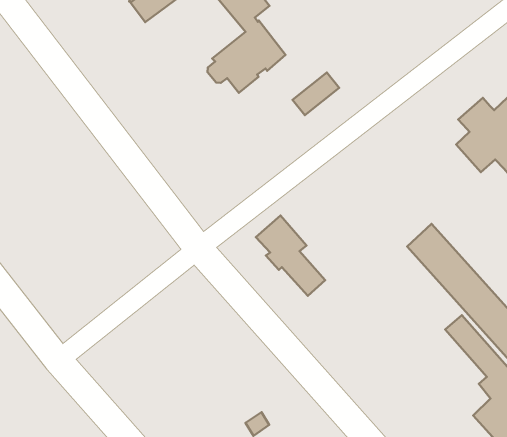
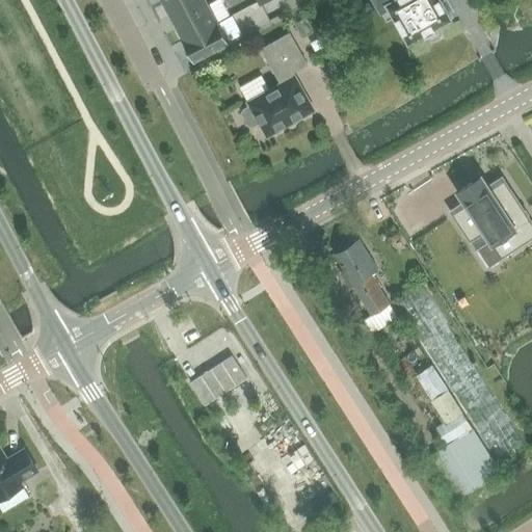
building: [292,73,339,115] -> none
building: [256,216,325,296] -> [334,240,389,315]
building: none -> [189,355,245,404]

